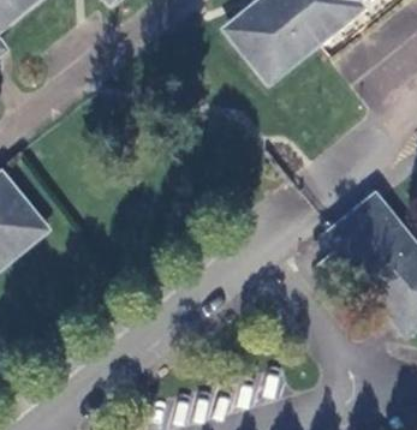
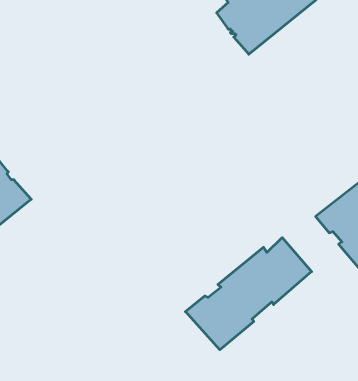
building: none -> [185,238,312,350]

